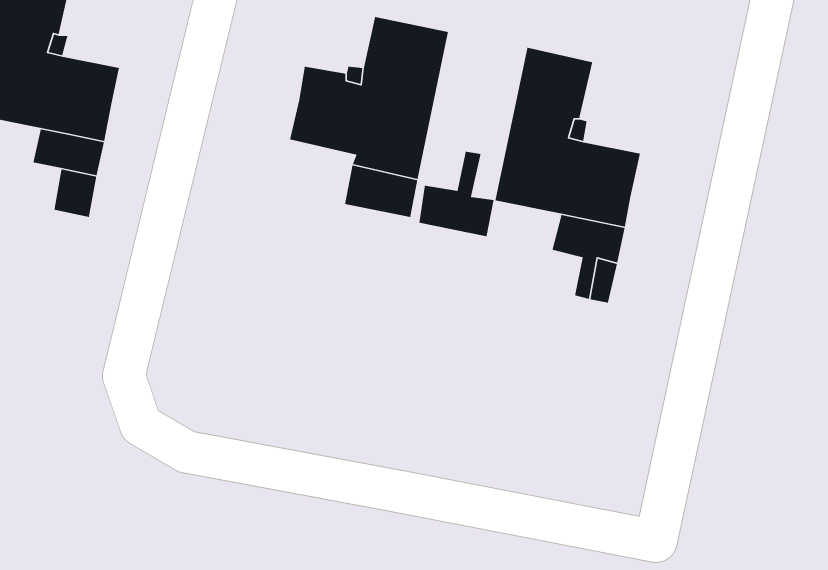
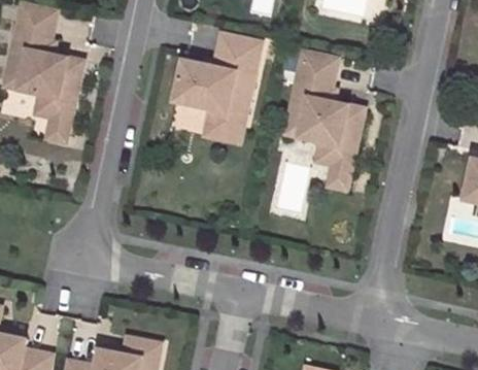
building: [418,151,495,237] -> none

